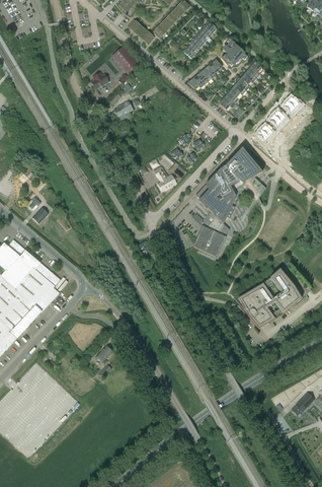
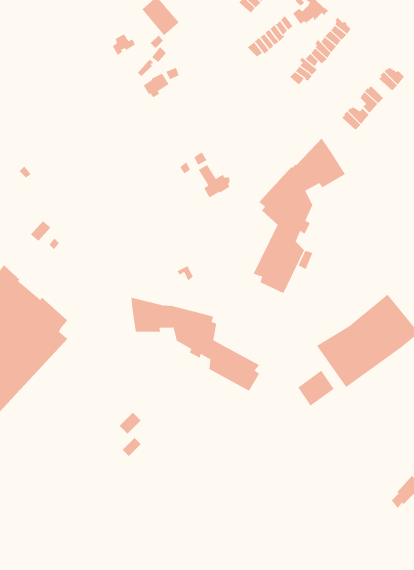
building: none -> [131,297,260,392]
building: none -> [297,370,335,406]

